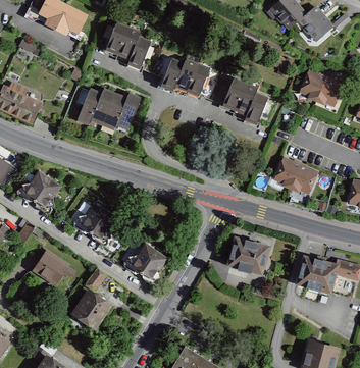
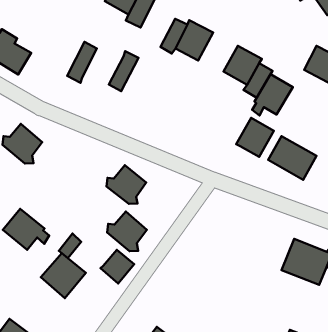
building: [91,89,127,132] -> none
building: none -> [252,74,293,115]
building: none -> [236,118,274,157]
building: [79,203,115,239] -> [107,165,146,204]
building: [226,235,270,274] -> none
building: none -> [100,250,134,284]

